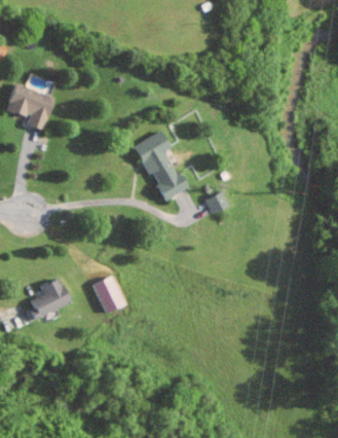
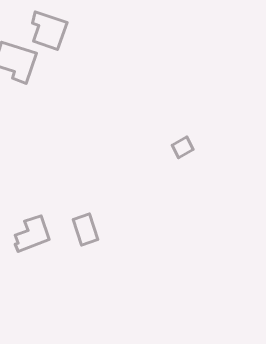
building: none -> [32,12,67,50]
building: [133,132,185,199] -> none

